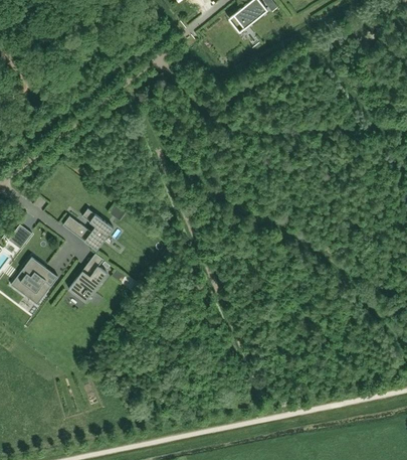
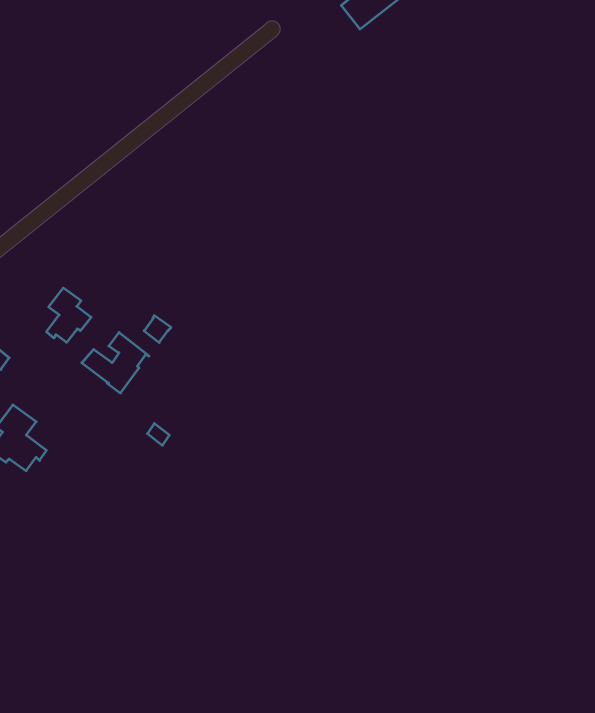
building: none -> [47,288,91,342]
building: [68,266,108,297] -> none

